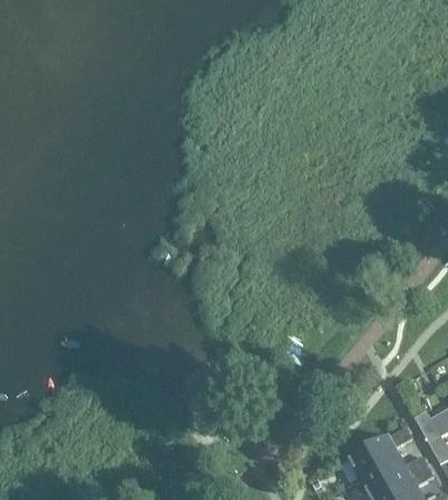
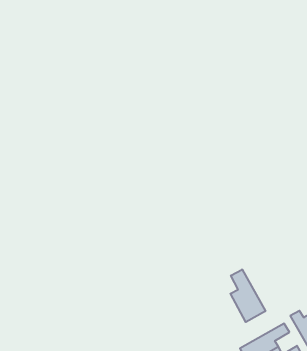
building: none -> [230,269,265,322]

